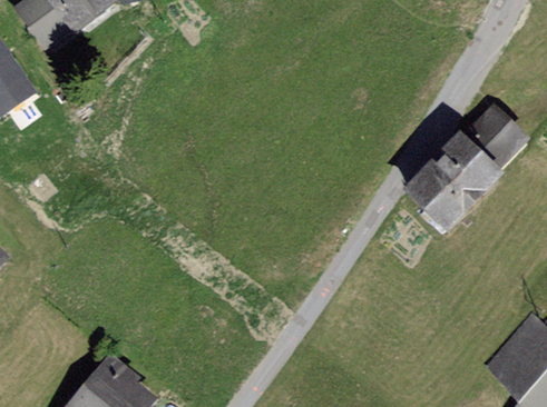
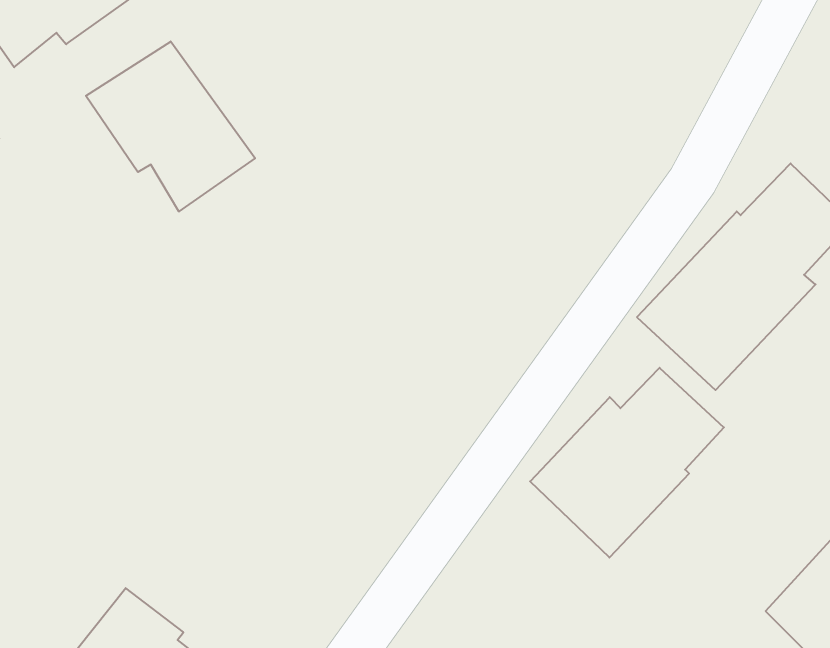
building: none -> [86,41,255,212]
building: none -> [530,368,724,558]

